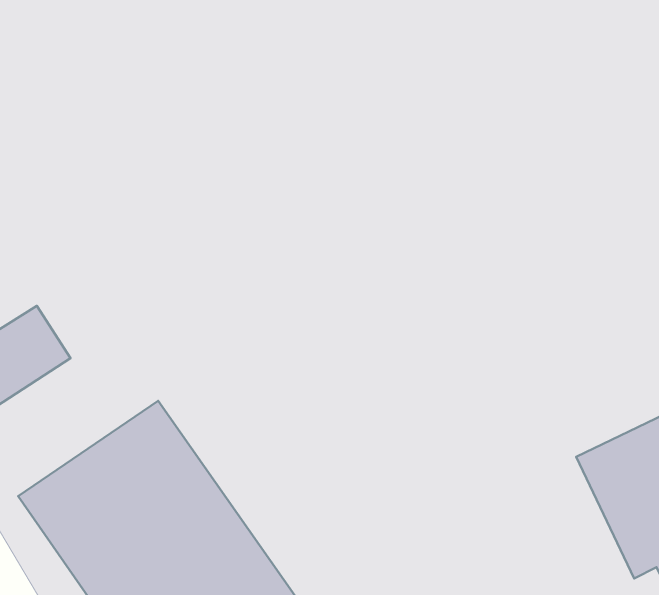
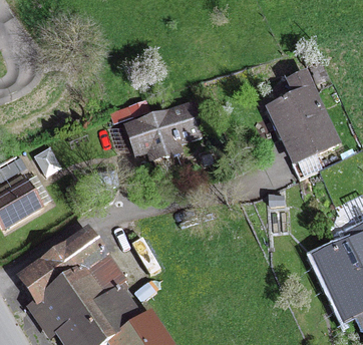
building: none -> [265,82,340,160]
building: none -> [121,100,196,167]

